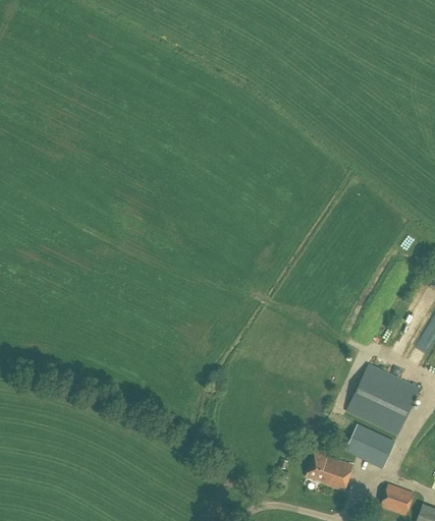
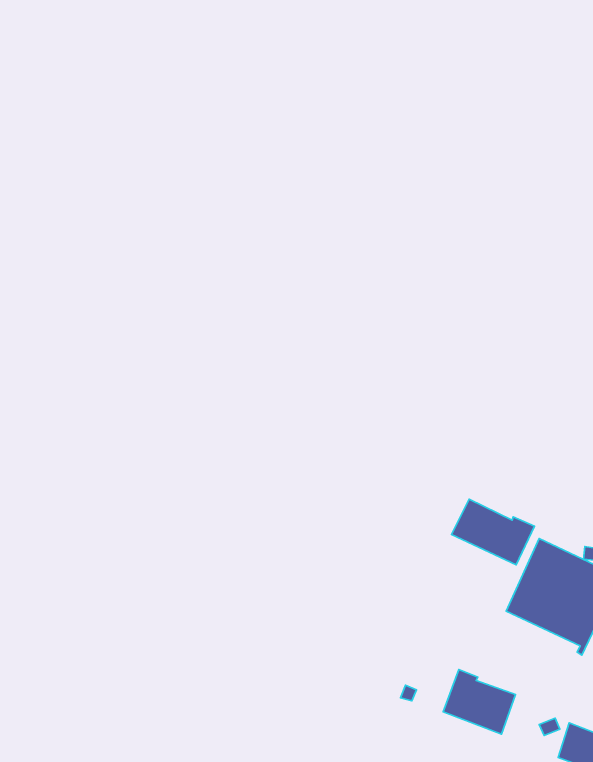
building: none -> [452,499,535,565]
building: [345,424,394,467] -> none

